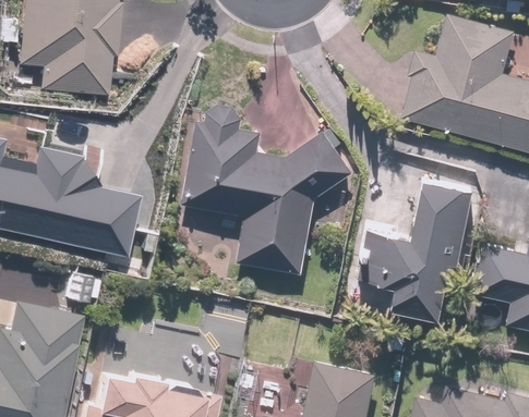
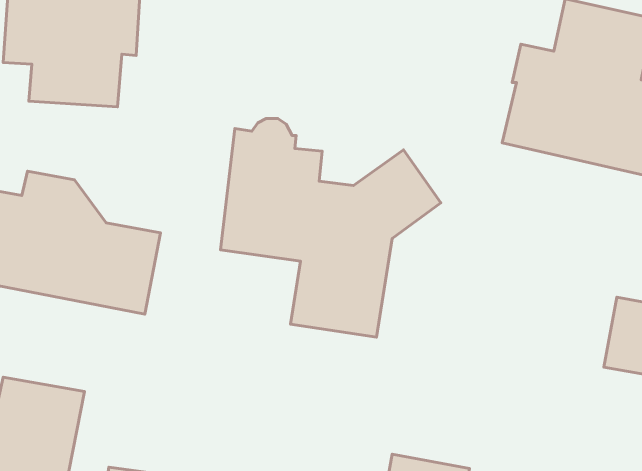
building: [363,182,471,318] -> none

